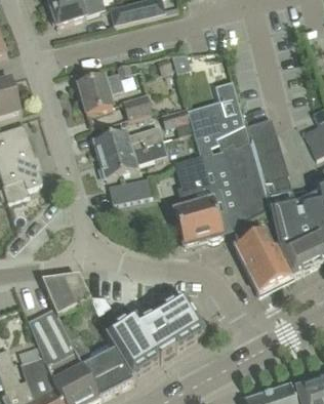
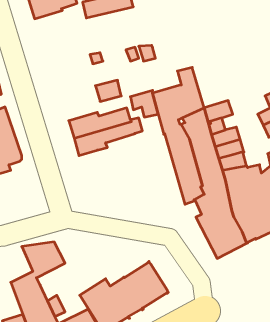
building: [77,73,122,114] -> none
building: [173,154,222,246] -> none
building: [108,176,152,203] -> none

